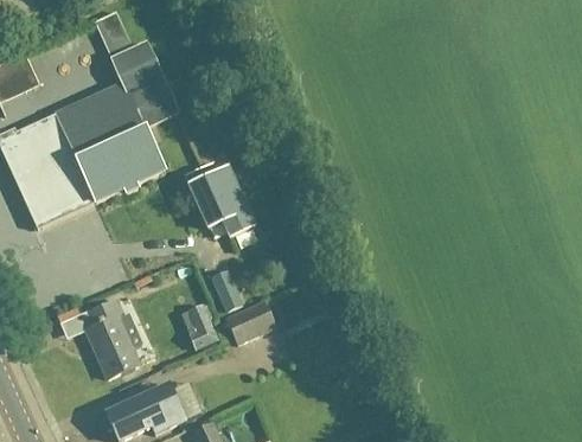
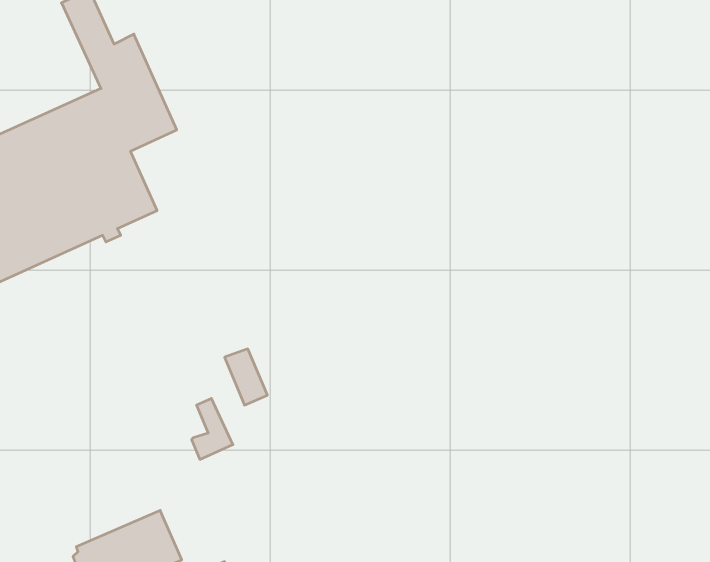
building: [185,161,254,235] -> none
building: [87,299,139,377] -> none
building: [225,300,276,344] -> none

